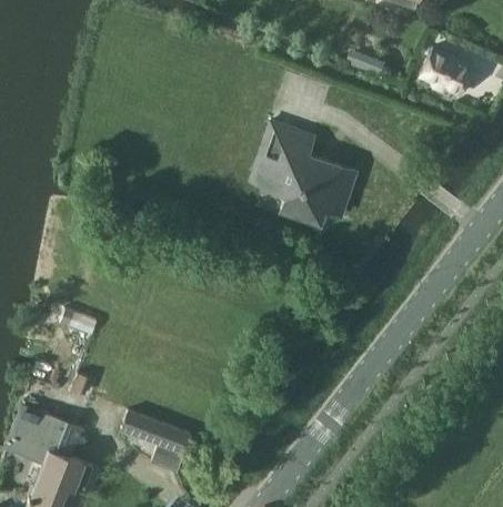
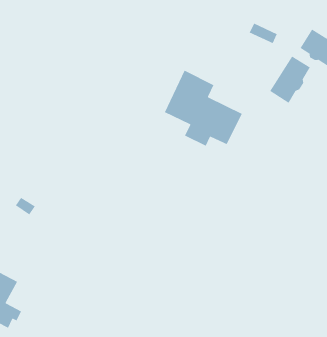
building: none -> [269,55,311,104]
building: [123,412,192,473] -> none

